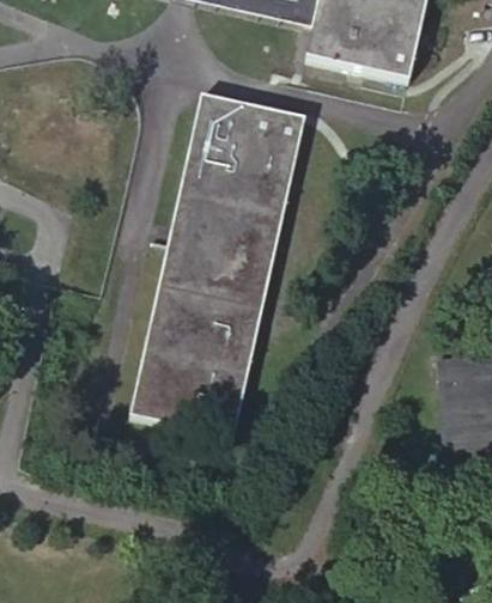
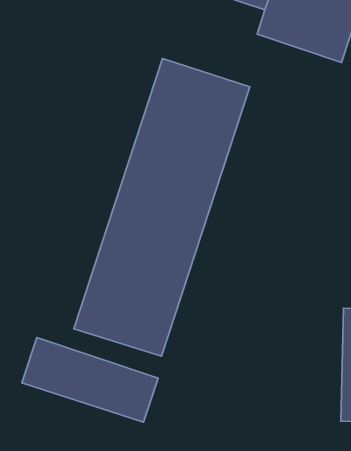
building: none -> [22,337,158,422]

